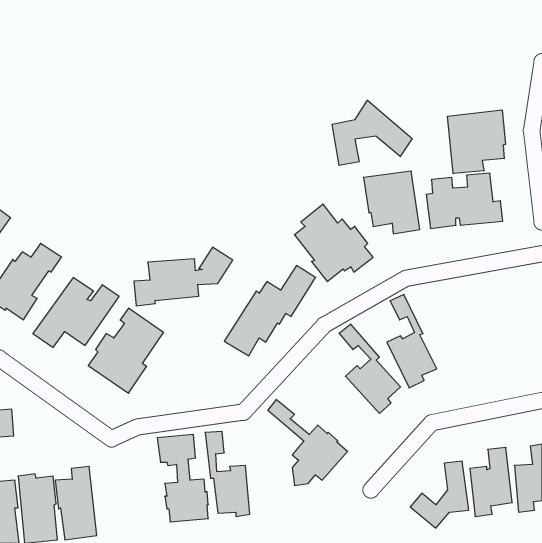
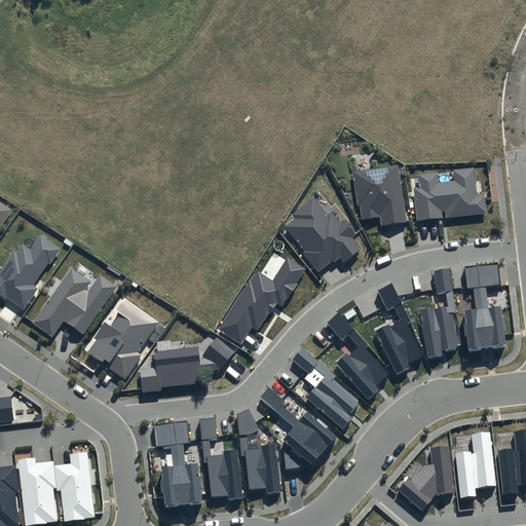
building: [332,100,412,165] -> none
building: [447,110,505,174] -> none
building: [134,247,233,306] -> [139,336,234,392]
building: none -> [462,263,505,348]
building: none -> [418,269,456,358]
building: none -> [291,346,359,428]
building: none -> [236,409,279,494]

